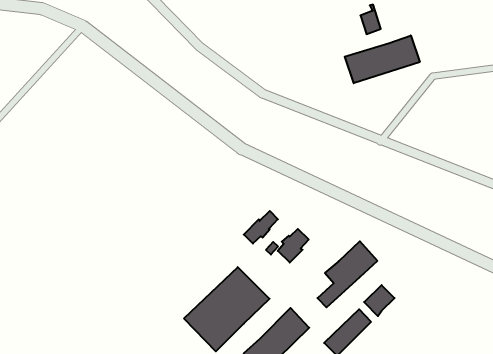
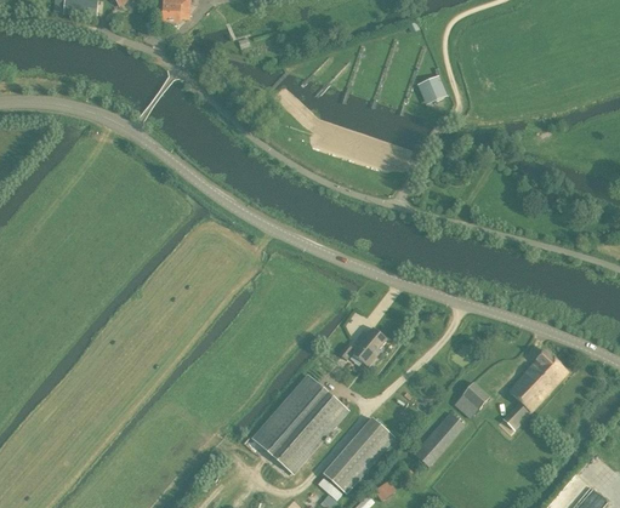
building: [345,35,420,83] -> none
building: [244,211,278,244] -> none
building: [317,241,377,307] -> [504,350,568,428]

